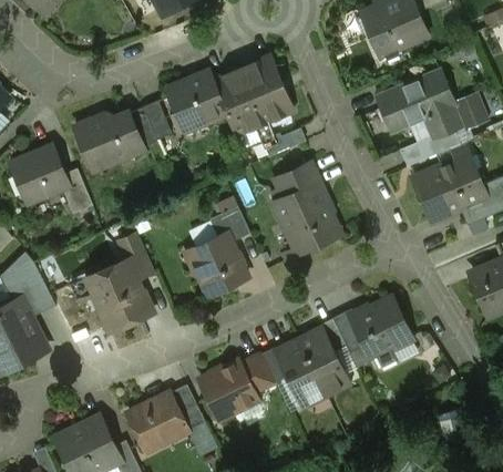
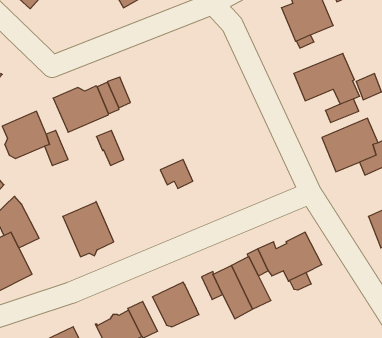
building: [211,52,297,151] -> none
building: [163,75,222,131] -> none
building: [273,163,339,259] -> none
building: [191,233,247,295] -> none
building: [119,234,153,278] -> [96,130,124,165]
building: [239,353,275,393] -> none

